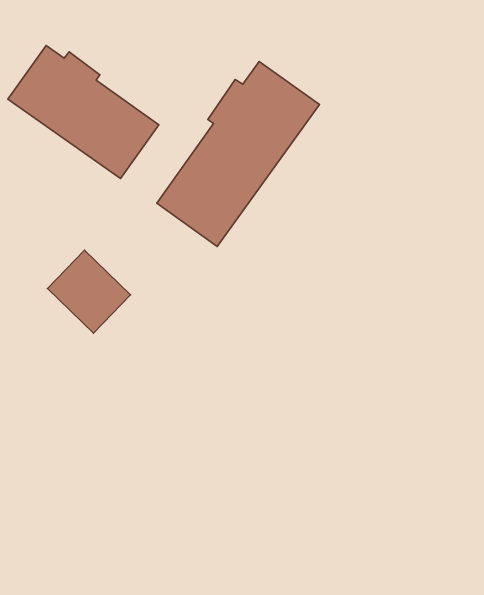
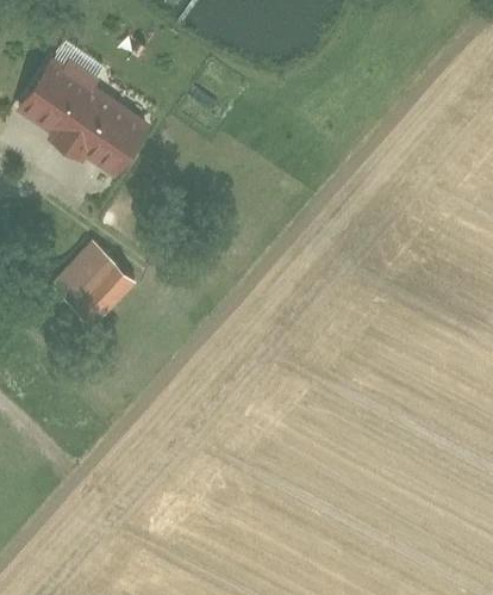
building: [157,62,320,246] -> none

